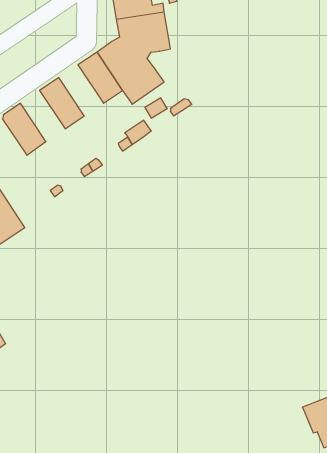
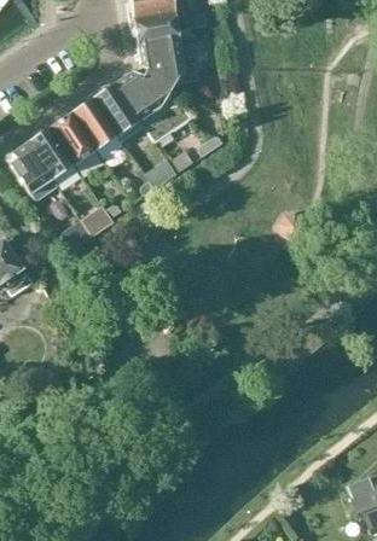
building: none -> [71,97,122,155]
building: none -> [28,126,79,184]

